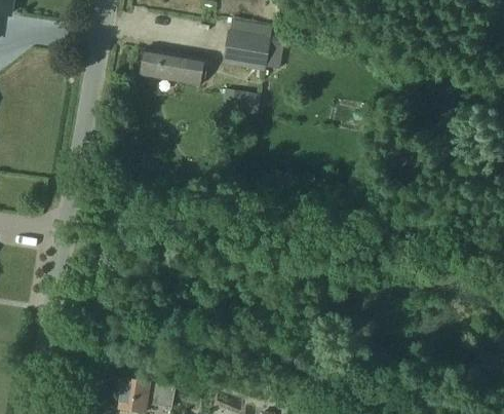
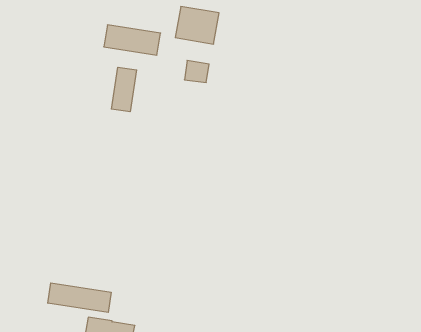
building: none -> [111,67,137,112]
building: none -> [48,283,111,312]

